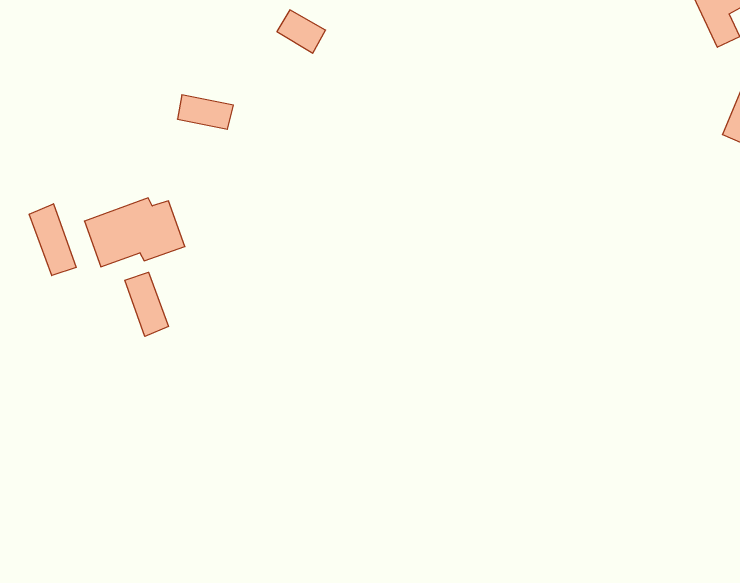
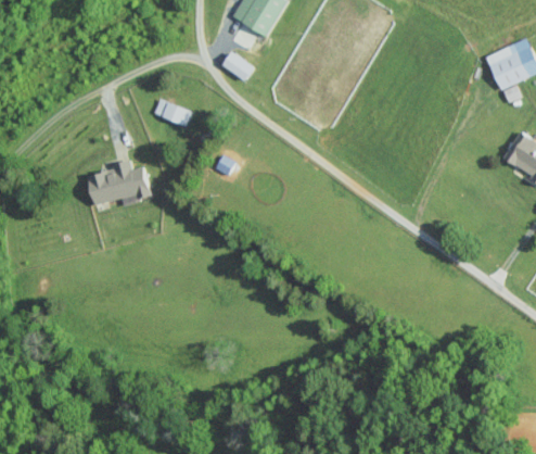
building: [29,204,76,276] -> none
building: [125,272,168,336] -> none

